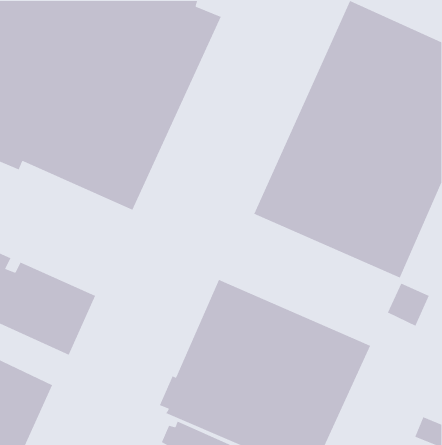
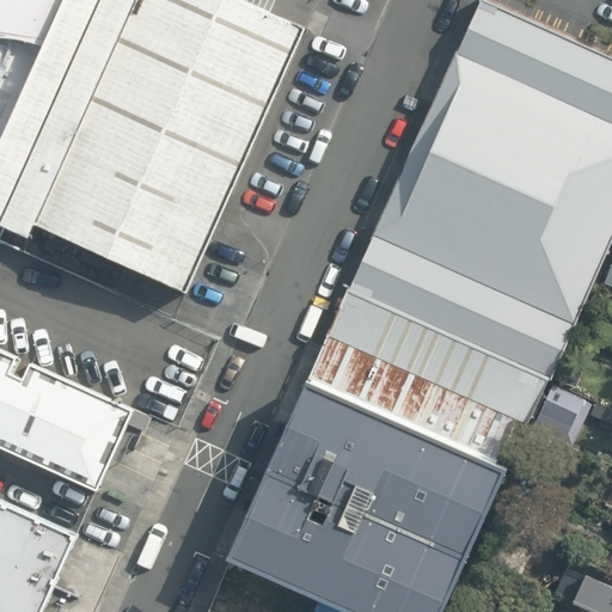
building: none -> [307,295,546,467]

